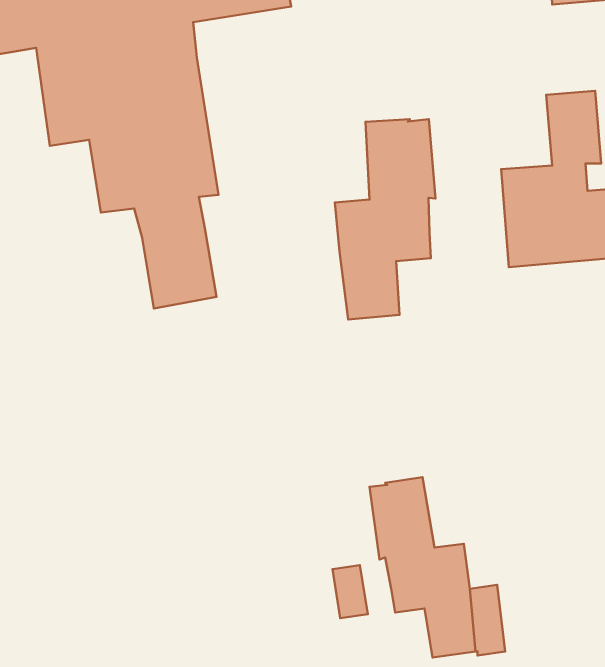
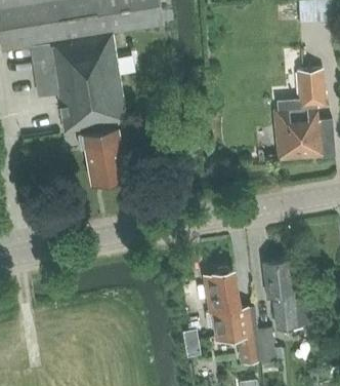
building: [335,119,436,319] -> none
building: none -> [262,259,309,325]

